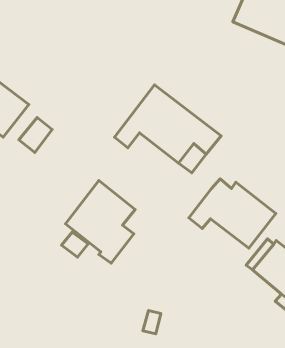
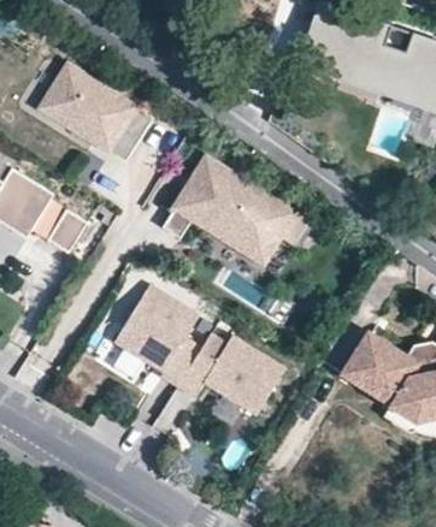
building: none -> [40,65,154,164]
building: [189,179,276,248] -> [176,333,285,418]

